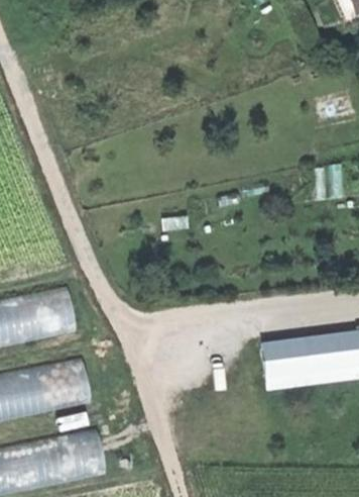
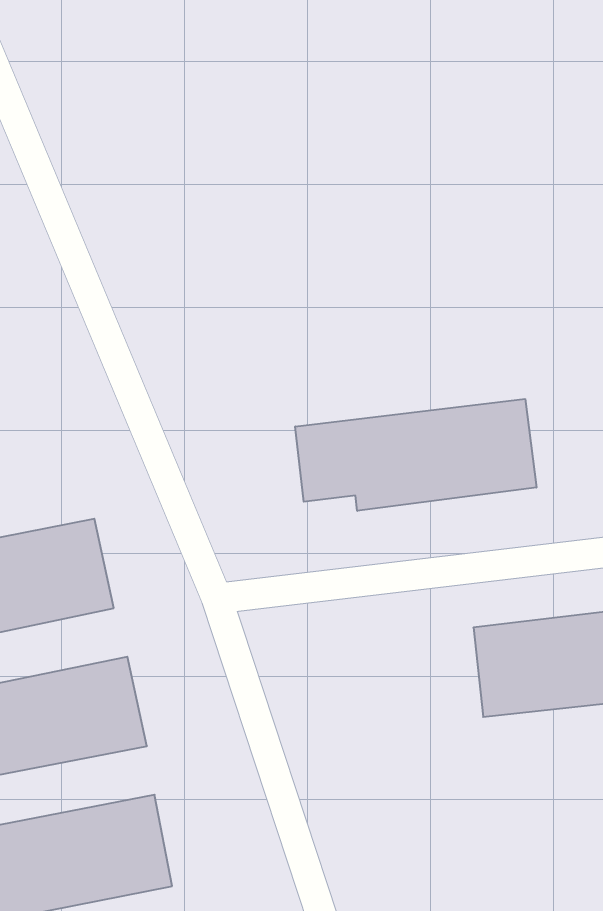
building: none -> [295,399,536,511]

